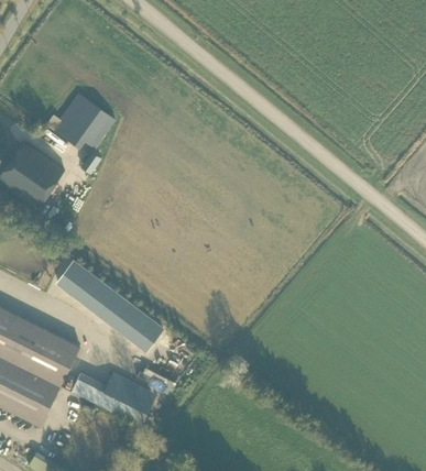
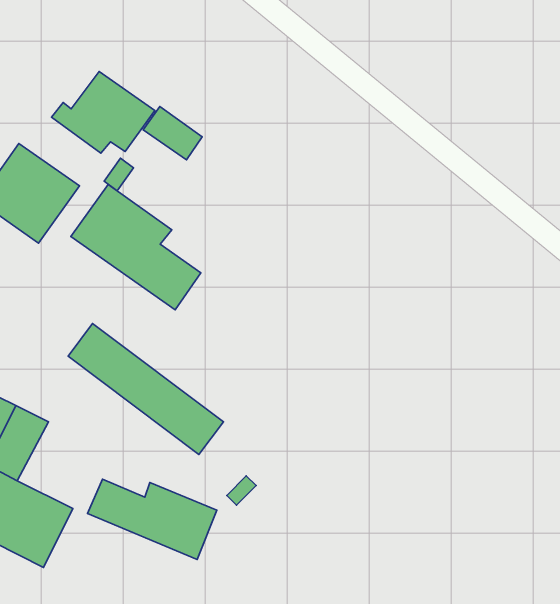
building: none -> [143,106,202,160]
building: none -> [71,185,201,310]
building: [23,330,80,388] -> none

